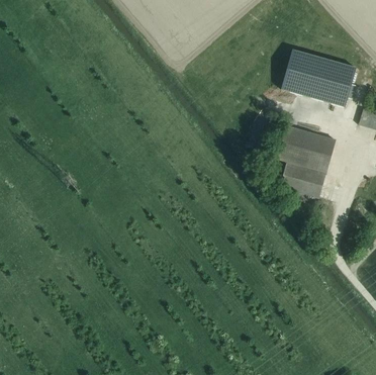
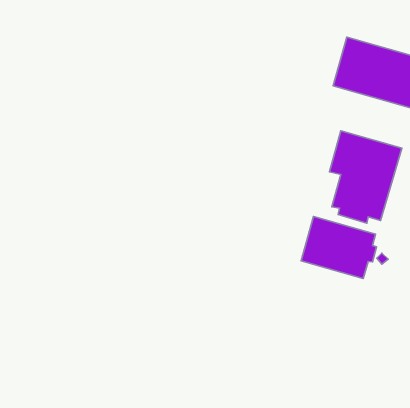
building: none -> [301,216,376,278]

